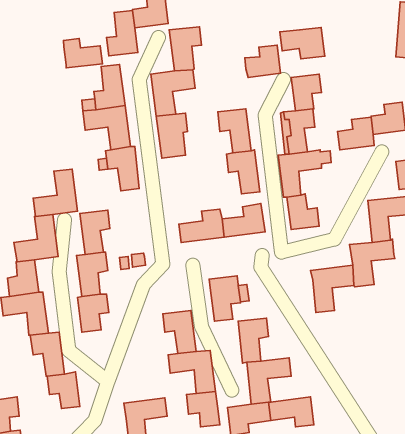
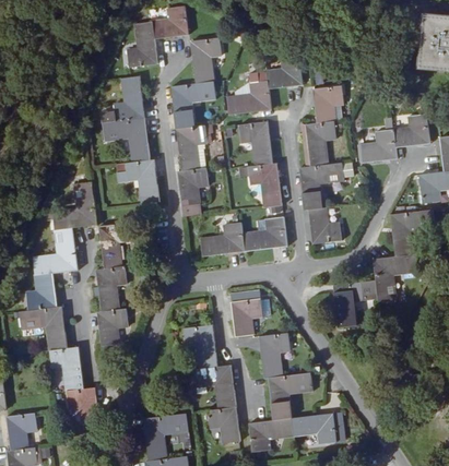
building: [280,28,325,59] -> none
building: [63,38,102,68] -> none
building: none -> [226,81,271,116]
building: none -> [177,168,208,216]

